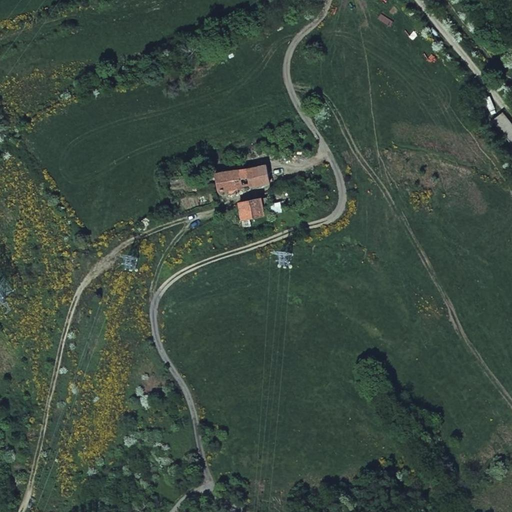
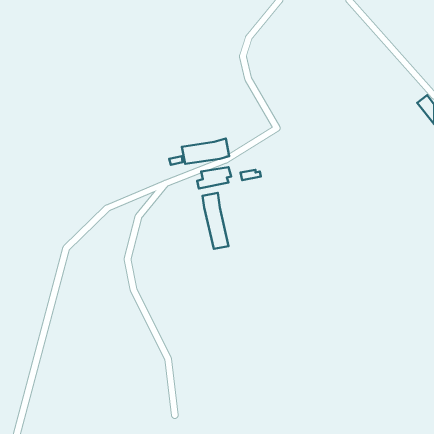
building: none -> [203,193,229,249]

